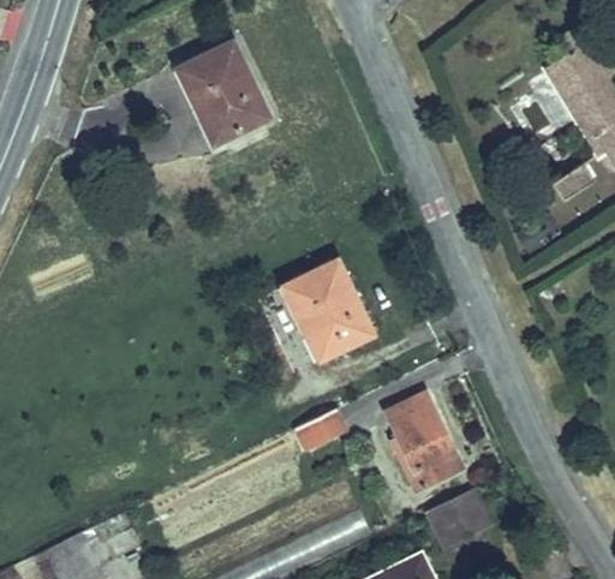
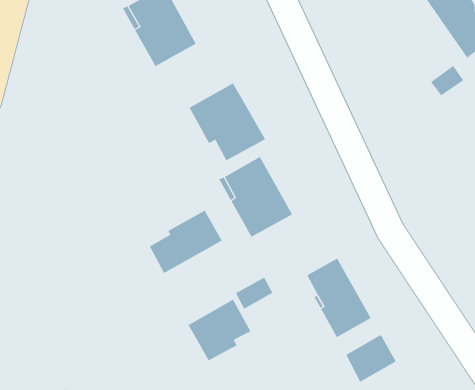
building: none -> [189,82,266,161]
building: none -> [149,210,223,274]
building: none -> [188,299,251,361]

